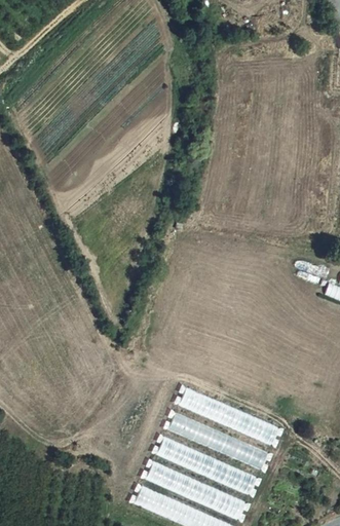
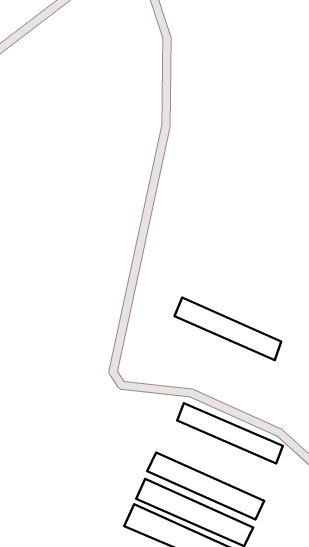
building: [171,413,270,472] -> [174,298,281,360]

